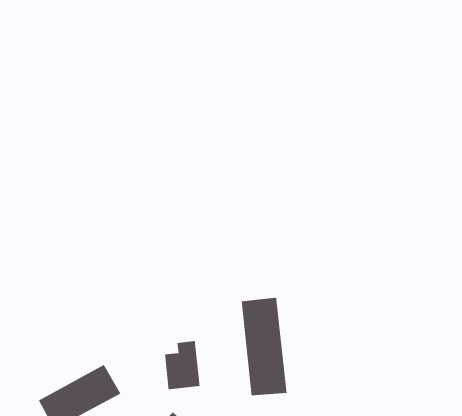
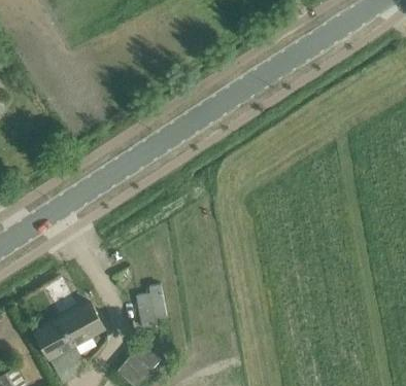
building: [241,297,287,396] -> none

